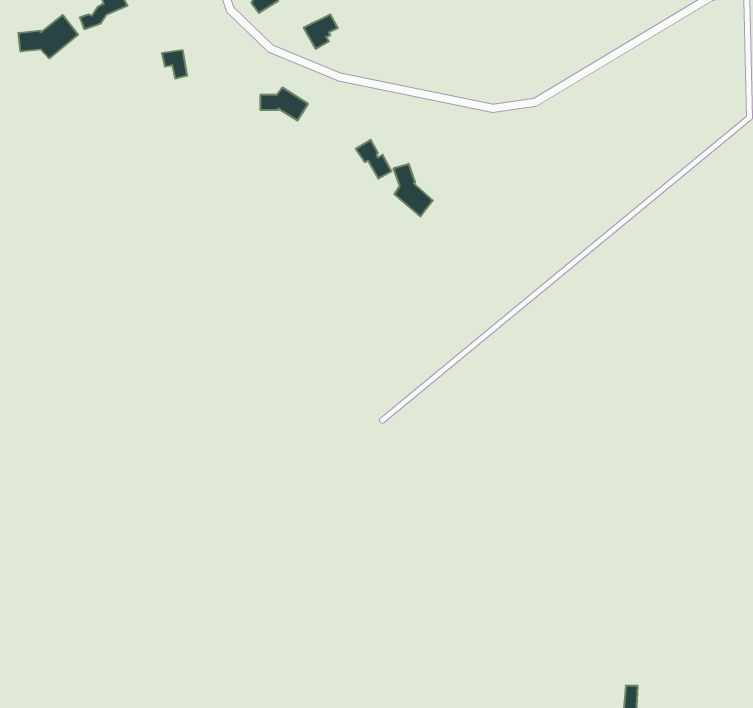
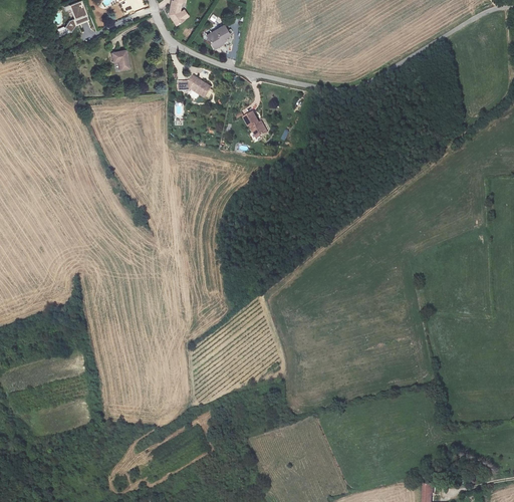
building: [18,15,78,58] -> none
building: [394,164,433,216] -> none

